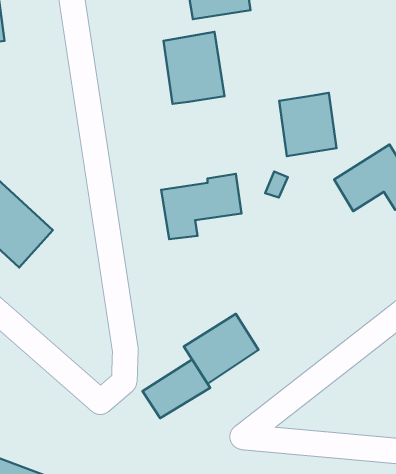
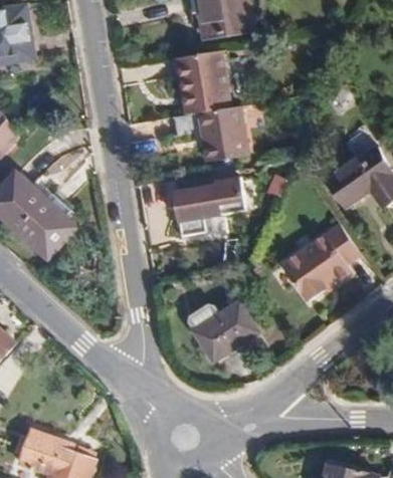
building: [279,93,337,156] -> [197,104,248,161]
building: none -> [281,224,360,300]
building: [143,359,210,418] -> none

